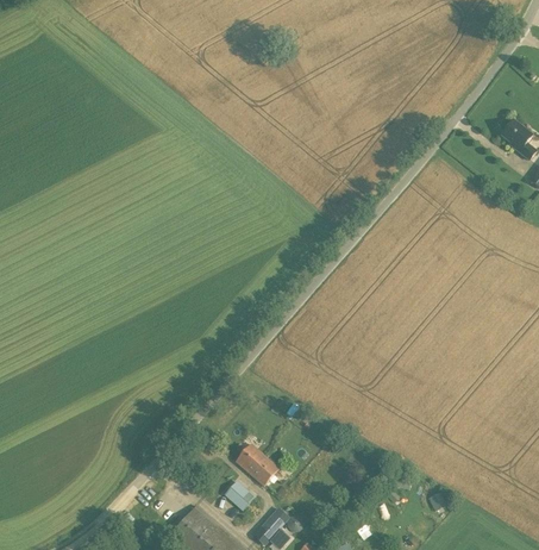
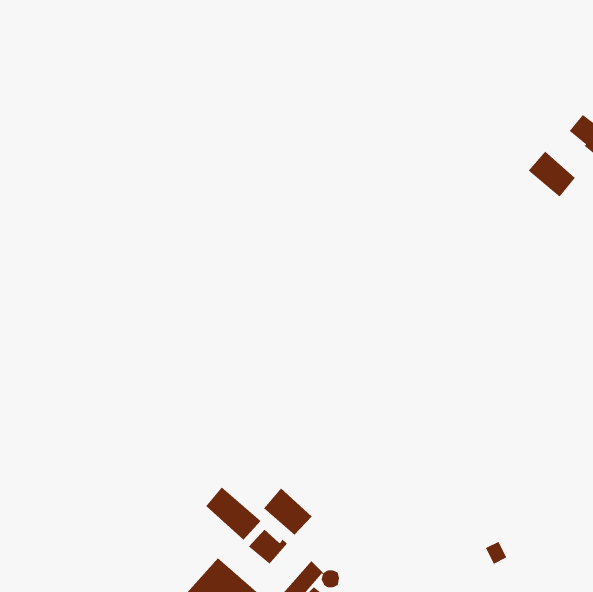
building: none -> [528,151,576,197]
building: none -> [206,487,262,540]

